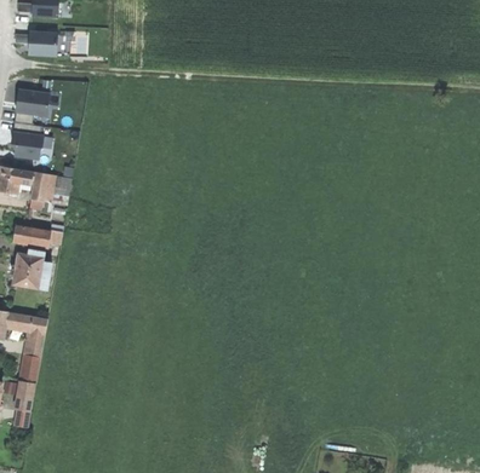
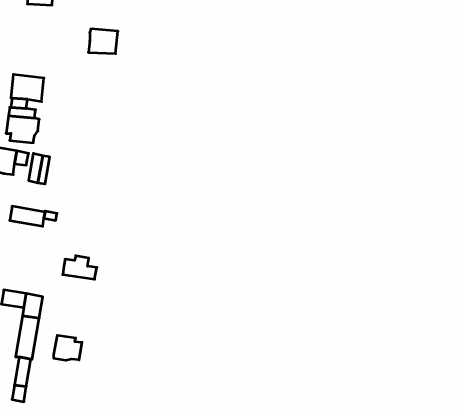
building: [25,31,56,57] -> [88,29,118,54]
building: [15,250,50,275] -> [63,256,97,279]
building: none -> [54,335,82,360]

